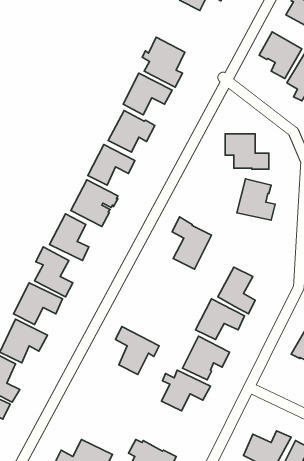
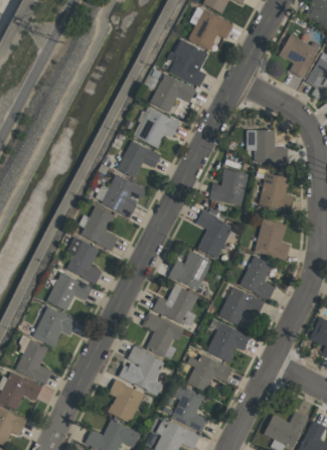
building: none -> [188,8,234,49]
building: none -> [209,168,249,205]
building: none -> [255,218,291,260]
building: none -> [168,250,212,289]
building: none -> [152,284,198,324]
building: none -> [119,345,165,396]
building: none -> [108,379,144,423]
building: none -> [171,386,208,432]

